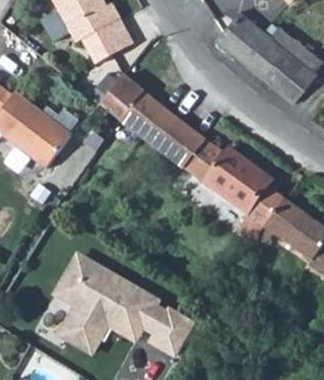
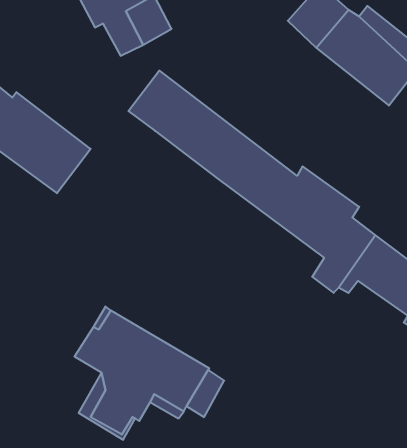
building: [156,308,198,350] -> none

